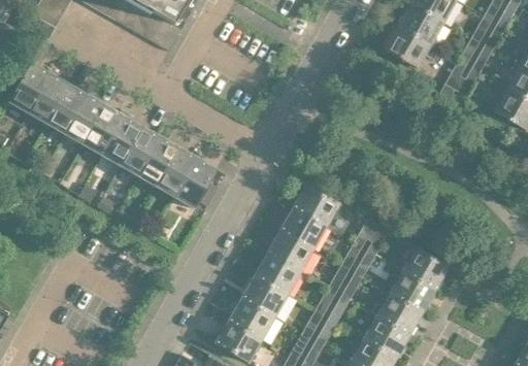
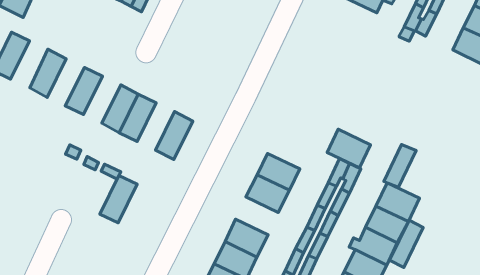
building: [28,72,69,122] -> none
building: [65,94,106,143] -> none
building: [102,114,143,164] -> none
building: [157,146,198,196] -> [100,176,137,223]
building: [293,184,339,226] -> [327,129,371,168]
building: none -> [384,145,416,187]
building: [255,252,300,293] -> none
building: none -> [390,220,423,268]

